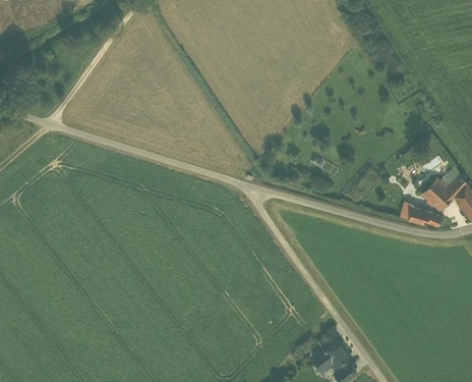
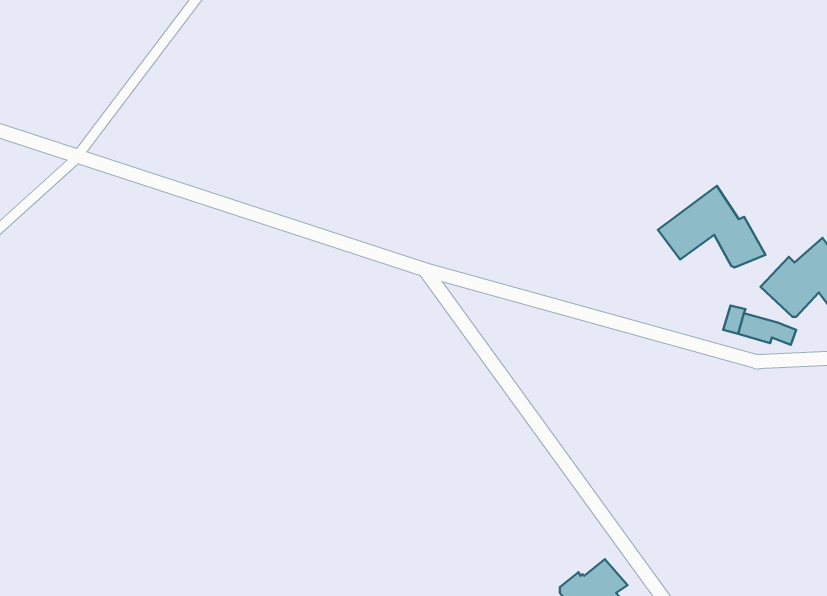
building: none -> [658,186,765,267]

